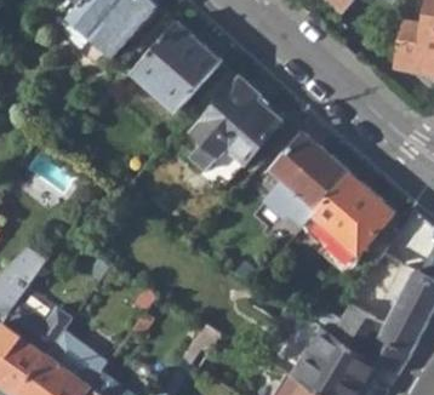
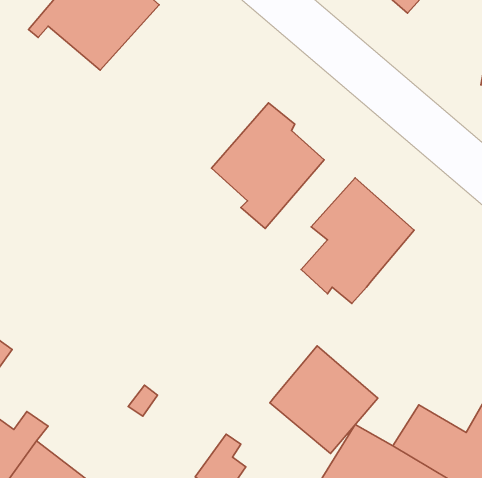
building: [132,23,219,111] -> none
building: [310,174,390,254] -> [270,346,378,454]

